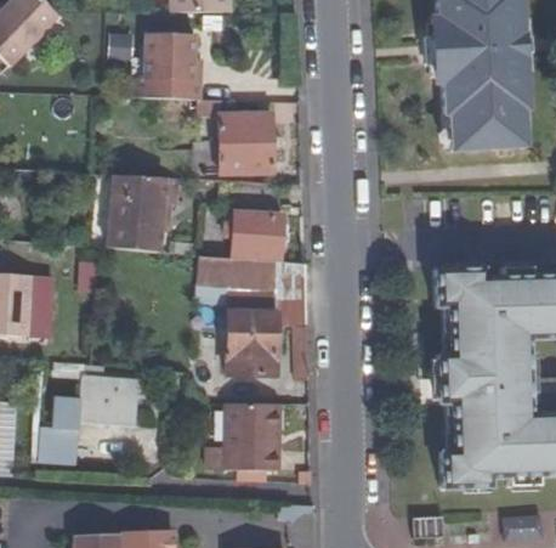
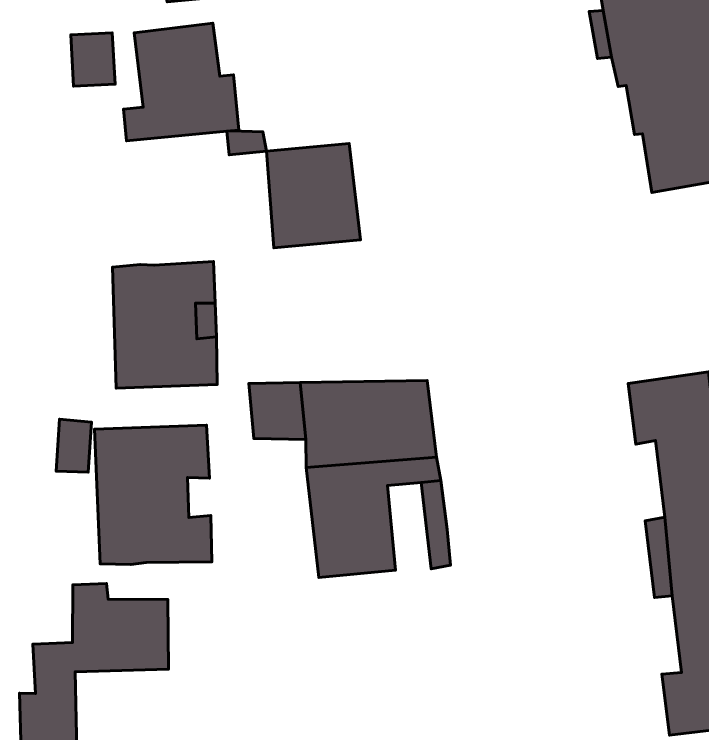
building: [228,207,285,254] -> none
building: none -> [95,425,212,564]
building: [217,402,284,470] -> none

